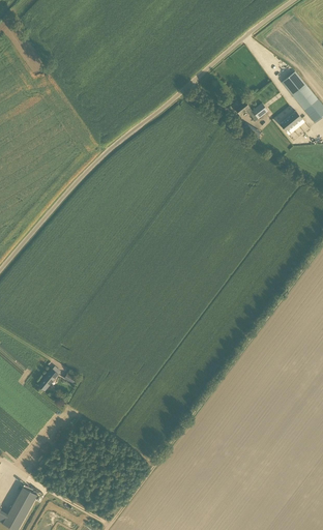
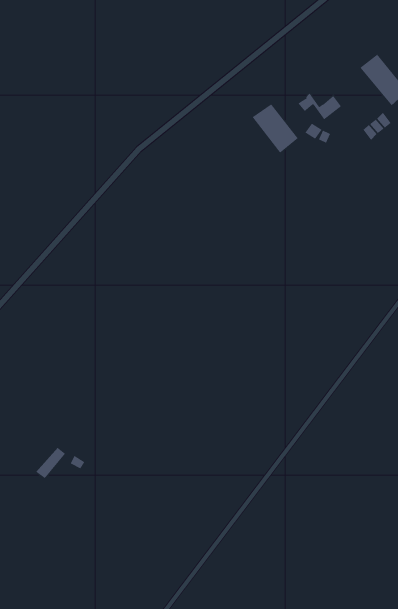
building: none -> [252,103,298,153]

